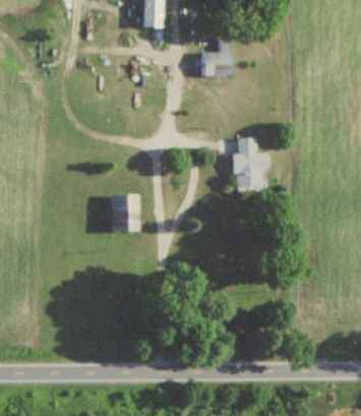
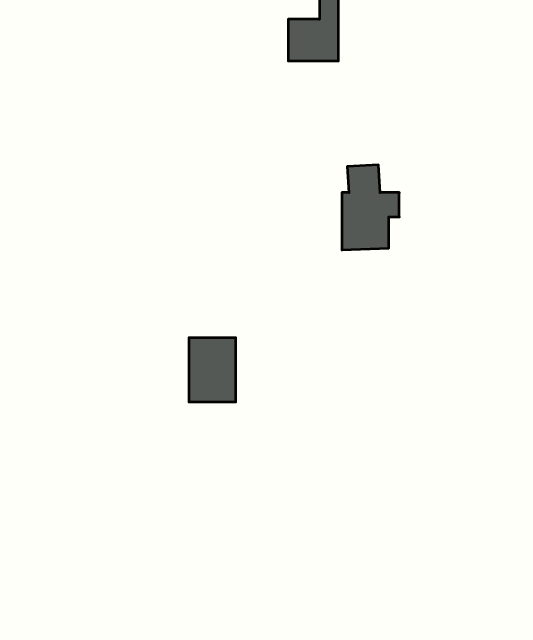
building: [112,194,139,231] -> [189,338,236,402]

